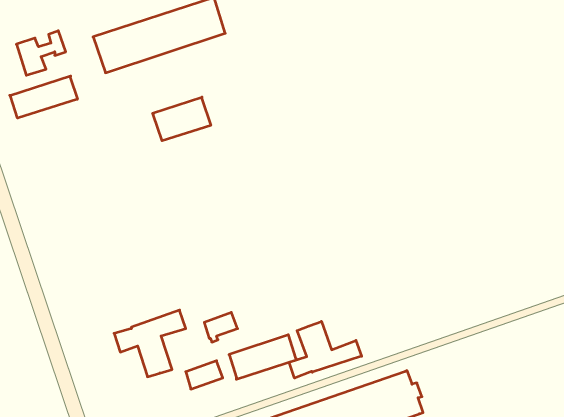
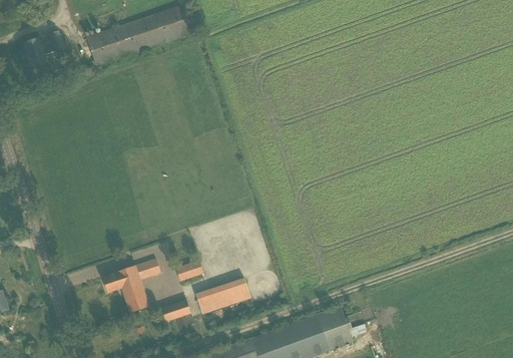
building: [10,76,77,118] -> none
building: [153,97,211,141] -> none
building: [289,321,362,378] -> none

